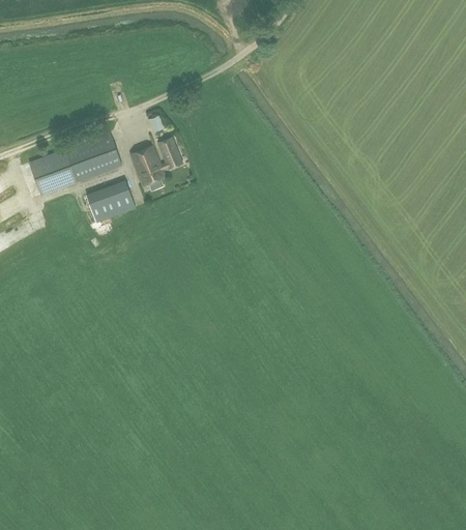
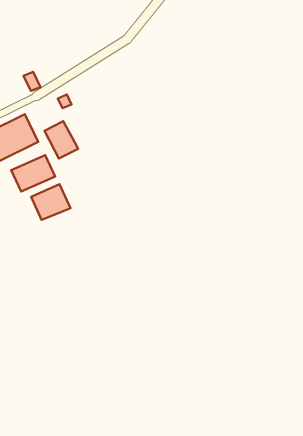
building: [156,137,181,170] -> none
building: none -> [31,184,70,220]

